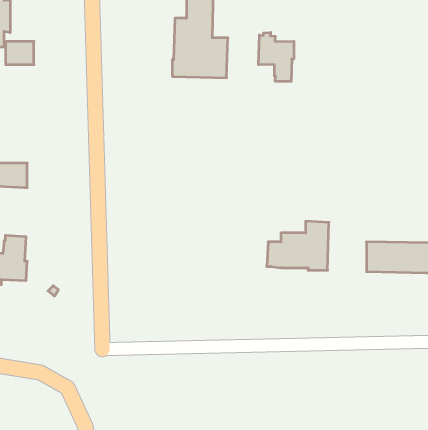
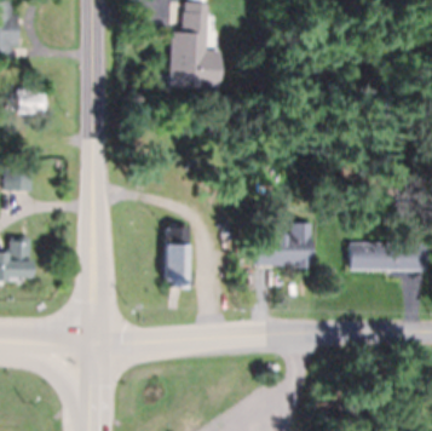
building: [258,32,294,81] -> none
building: [6,41,34,65] -> [18,91,45,113]
building: none -> [167,228,195,300]

